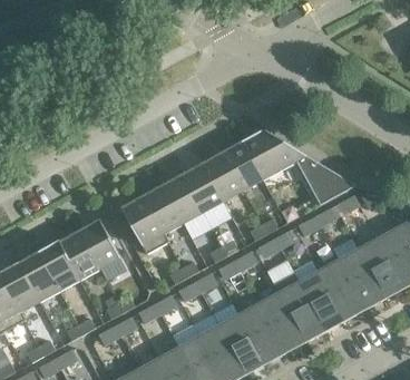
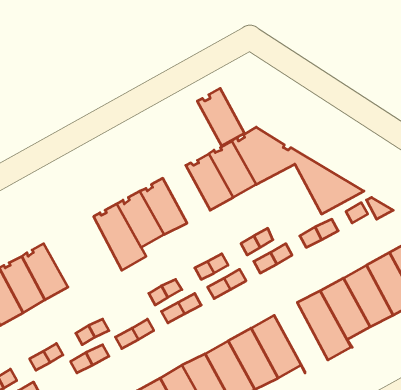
building: [180,163,222,213] -> [197,88,245,146]
building: [77,220,119,269] -> none
building: [277,282,324,342] -> none

